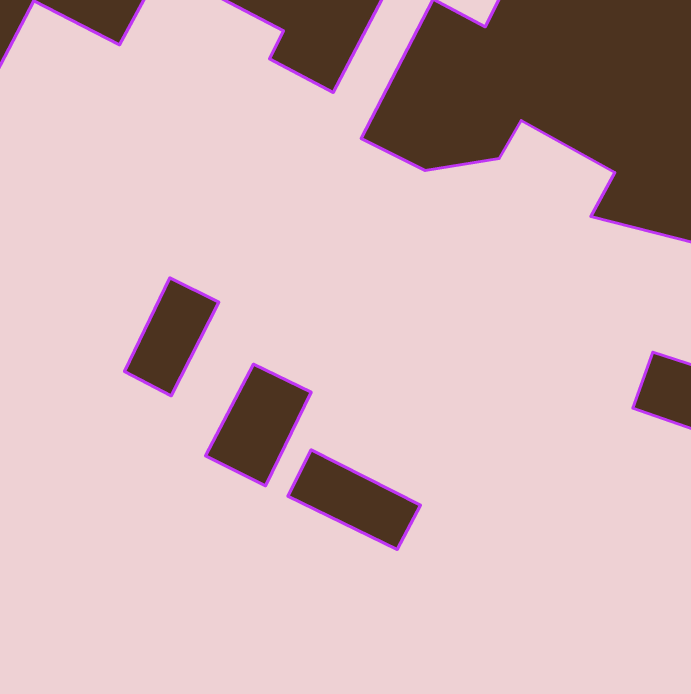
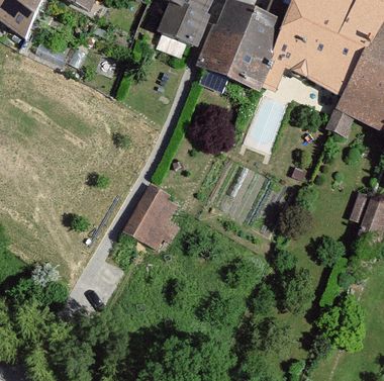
building: [125,278,219,396] -> none
building: [288,450,421,549] -> none

